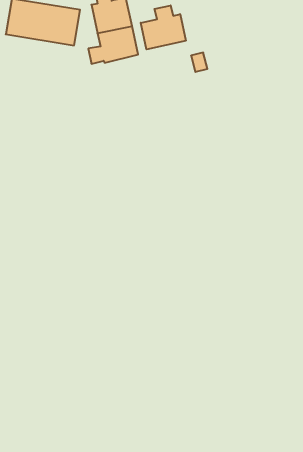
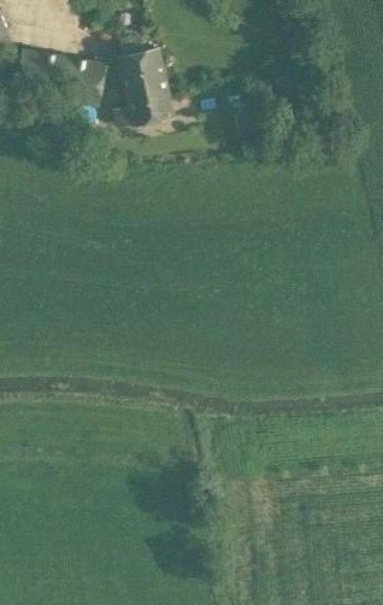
building: [141,5,186,49] -> none

